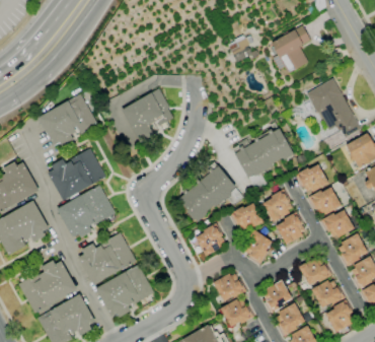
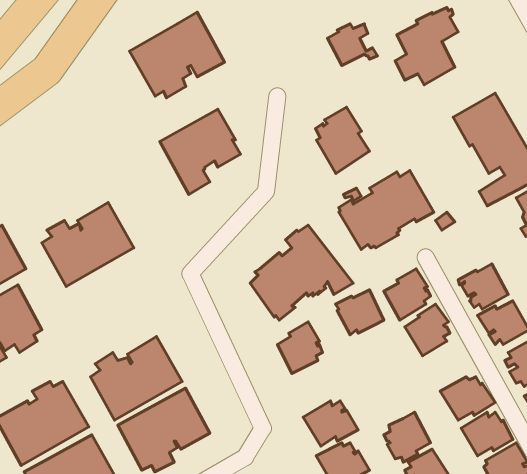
building: none -> [316,107,370,173]
building: [39,93,98,147] -> [130,12,225,98]
building: [297,164,329,193] -> none
building: [57,185,116,237] -> none
building: [245,229,273,260] -> none

